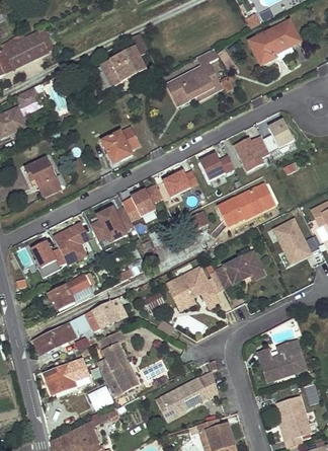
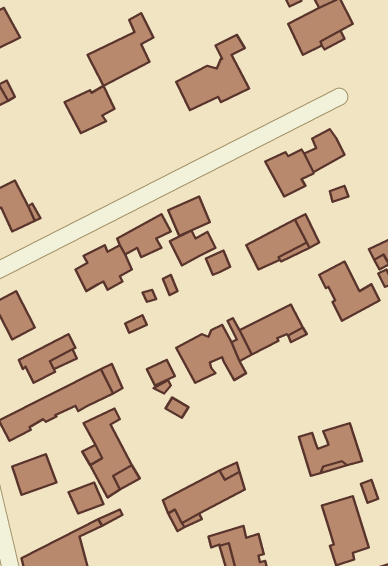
building: [101,128,139,163] -> [65,86,114,133]
building: [200,154,235,180] -> [170,230,216,265]
building: [52,222,89,268] -> none

